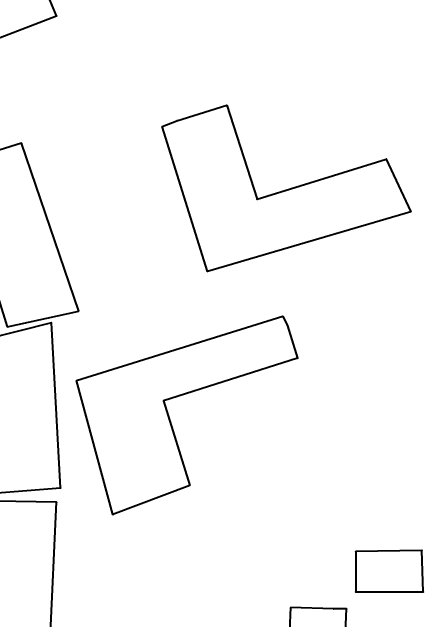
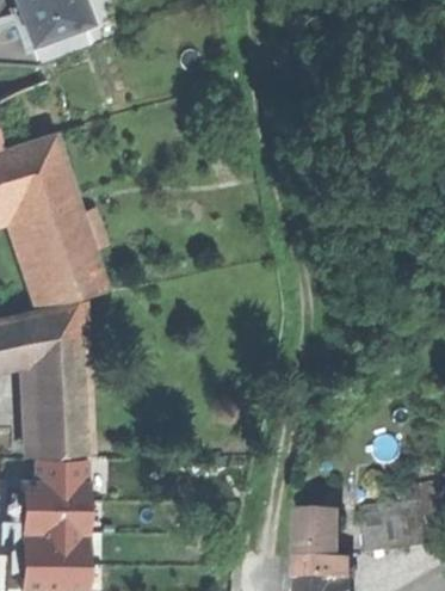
building: [162,105,411,271] -> none
building: [77,316,298,515] -> none
building: none -> [302,515,342,564]

